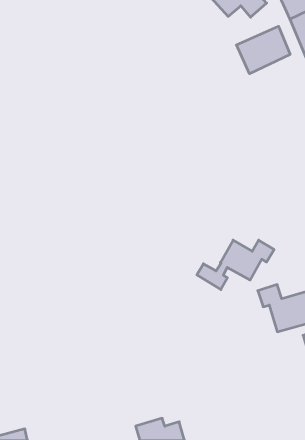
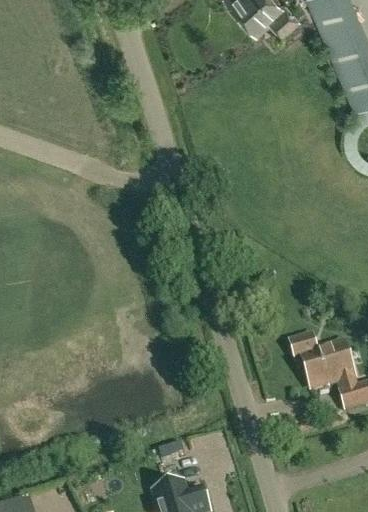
building: [236,26,290,74] -> none
building: [197,240,274,290] -> none

